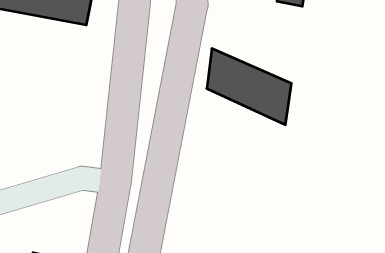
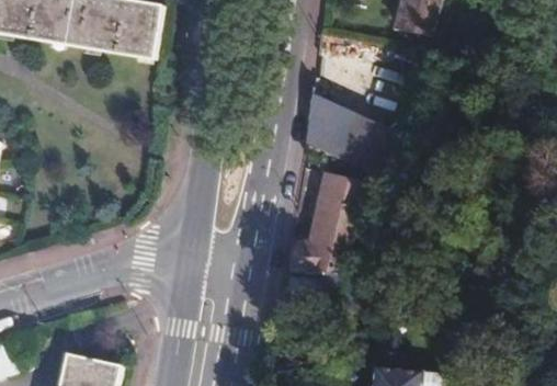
building: none -> [280,178,367,279]

